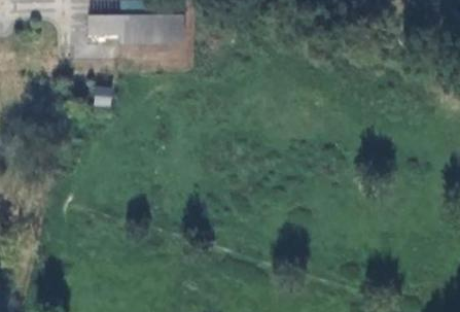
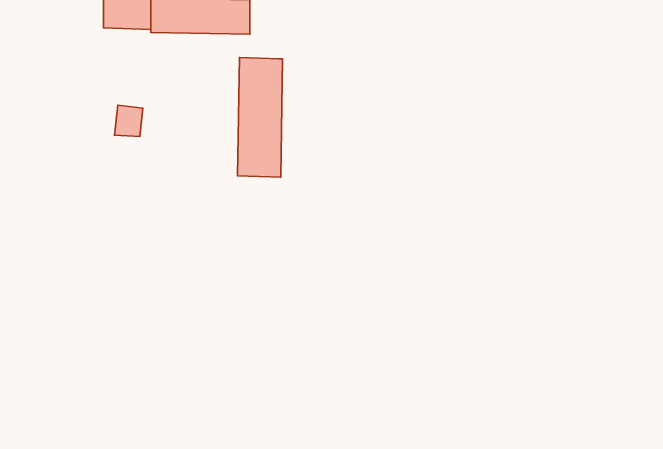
building: none -> [238,58,283,177]

